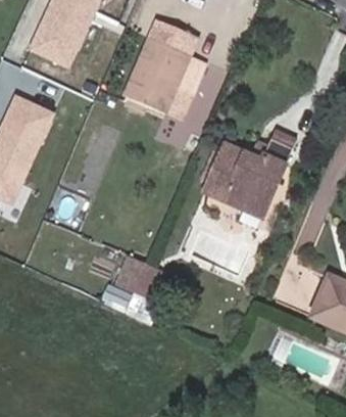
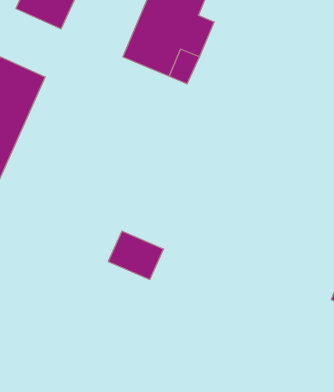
building: [203,130,296,218] -> none

